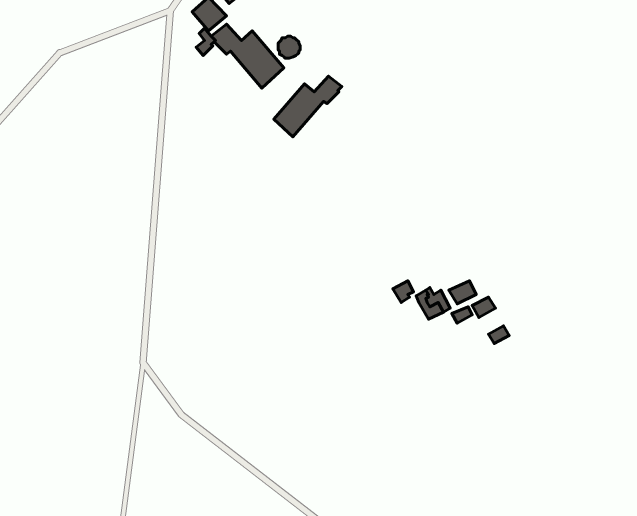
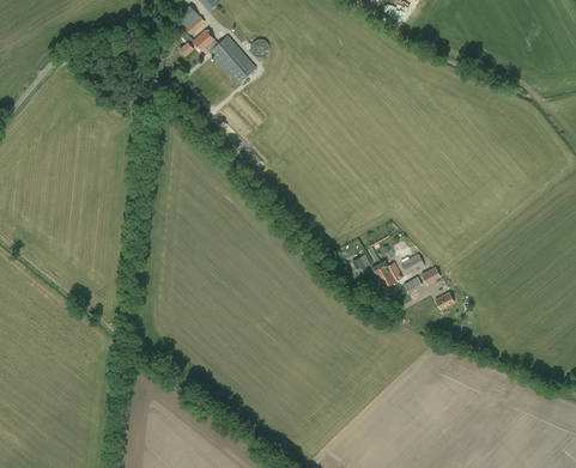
building: [274,76,342,137] -> none

